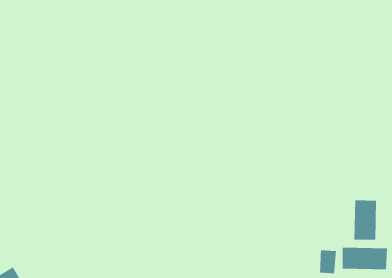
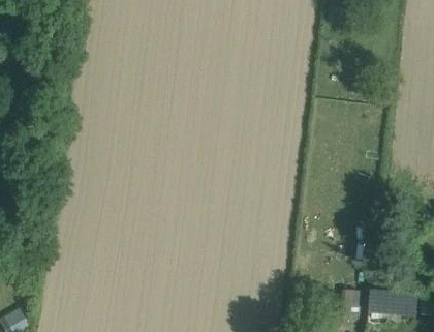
building: [354,199,377,240] -> none

